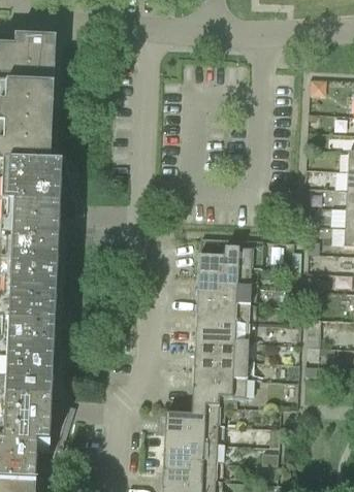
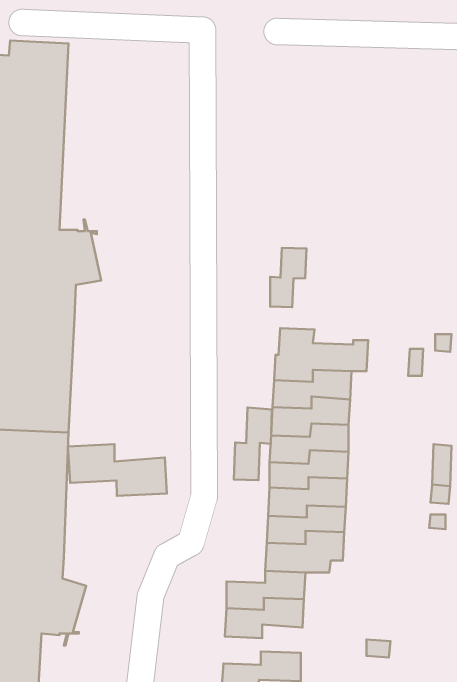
building: none -> [270,248,307,307]
building: none -> [234,408,272,480]
building: none -> [68,444,167,496]
building: [163,442,218,470] -> none

